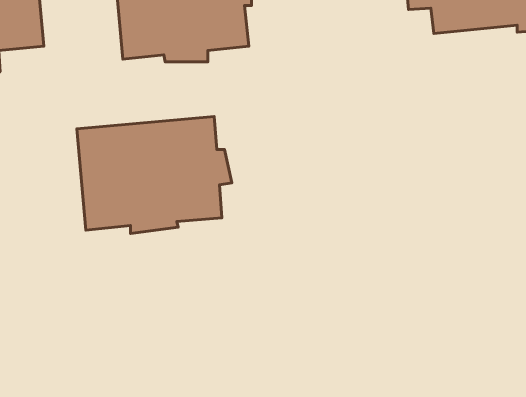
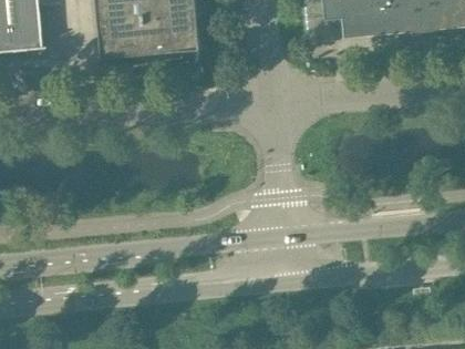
building: [77,117,232,233] -> none

